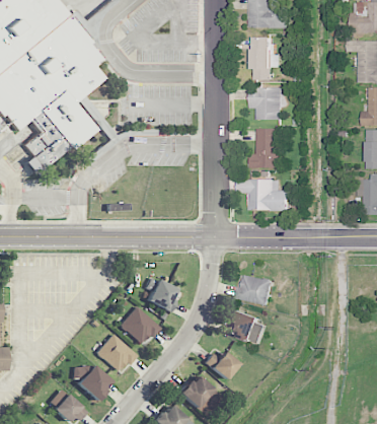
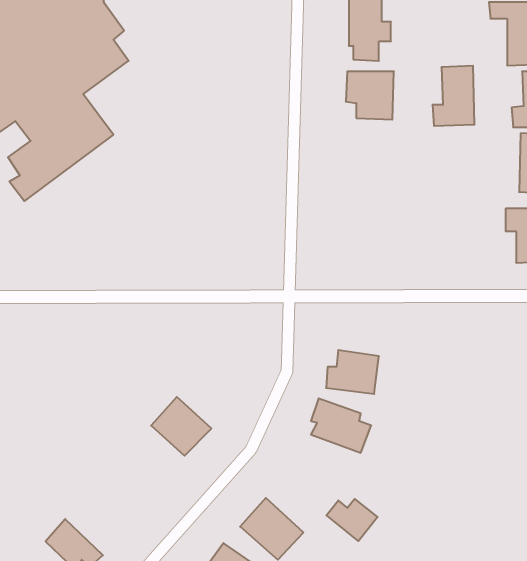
building: [250,128,279,168] -> [432,66,475,126]
building: [237,180,288,211] -> none
building: [145,278,178,311] -> none
building: [95,335,135,373] -> none
building: [203,352,237,380] -> [326,499,378,541]
building: [70,360,111,401] -> none

